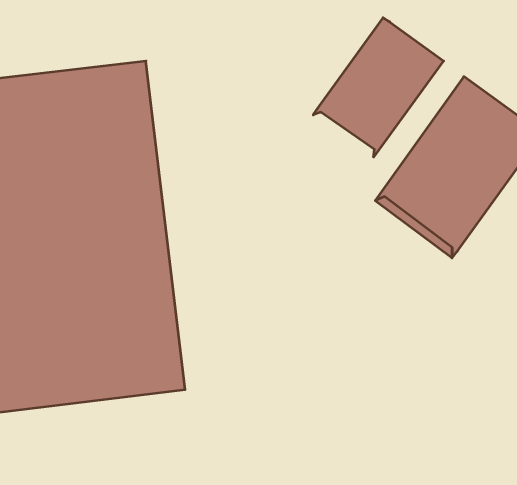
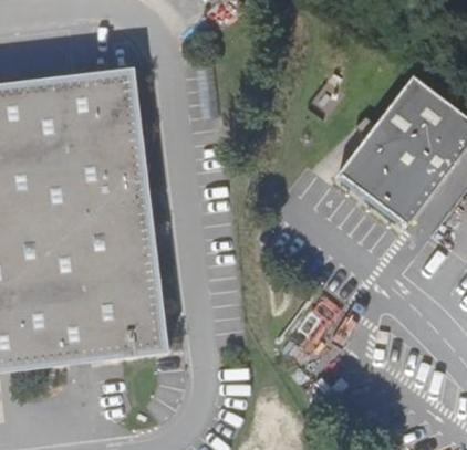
building: [313,18,444,157] -> none

